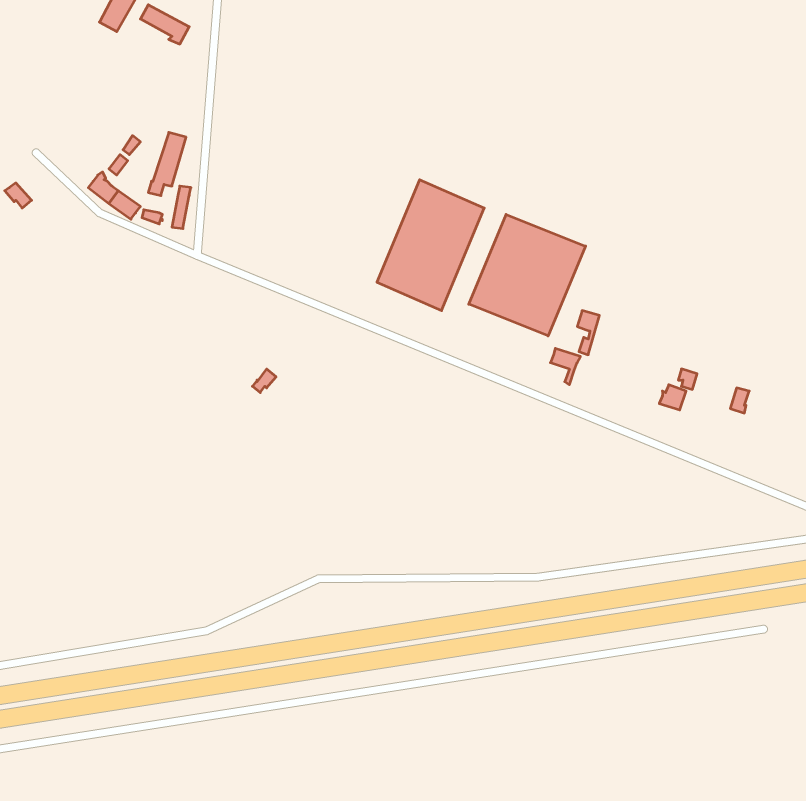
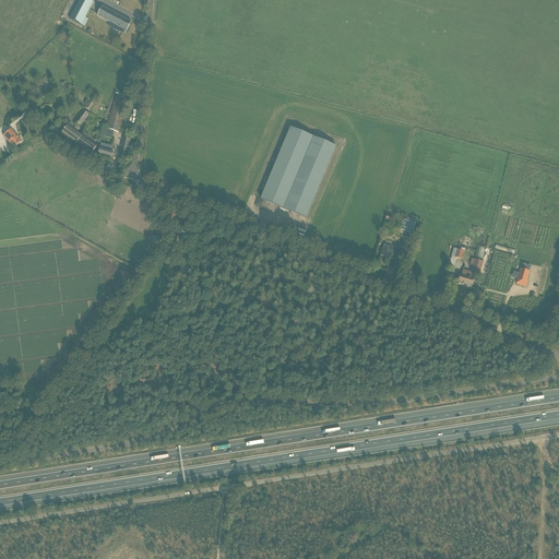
building: [469,214,586,336] -> none

